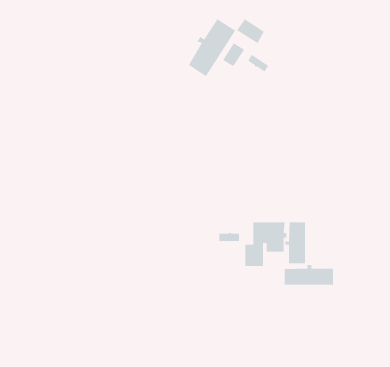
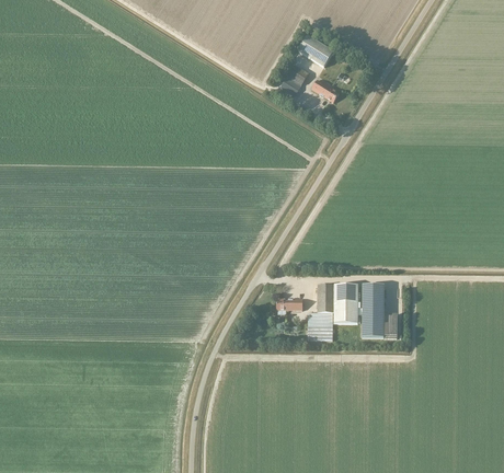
building: [188,18,236,77] -> none
building: [284,264,334,285] -> none

